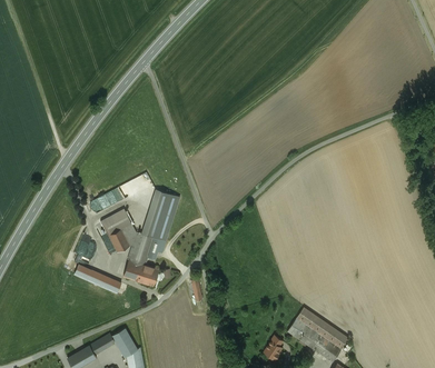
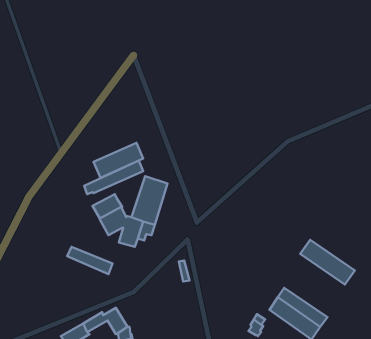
building: none -> [94,143,143,178]
building: none -> [300,240,355,284]
building: [123,260,159,286] -> none

